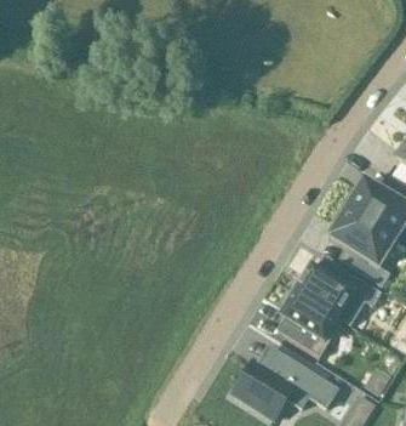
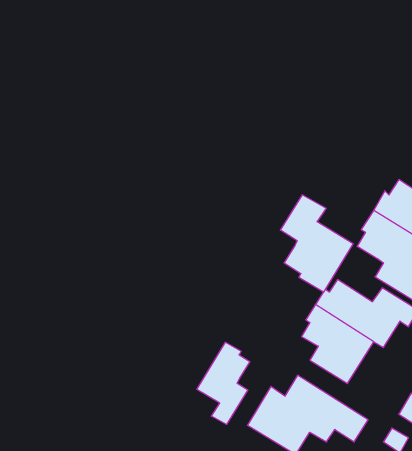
building: none -> [280,195,353,292]
building: none -> [197,342,250,424]

